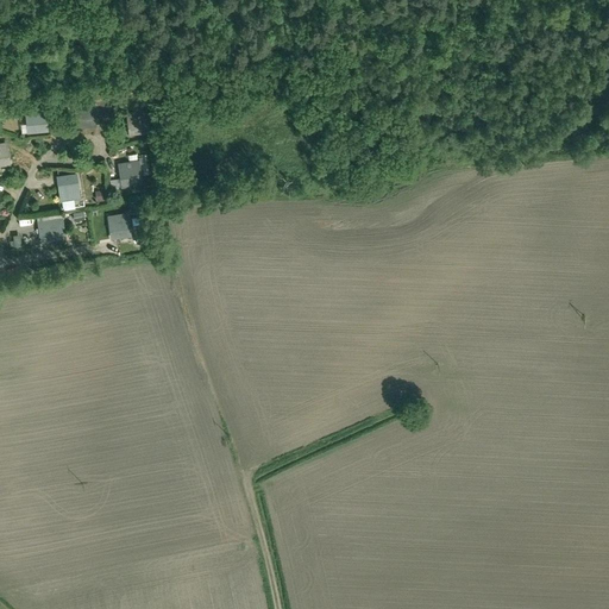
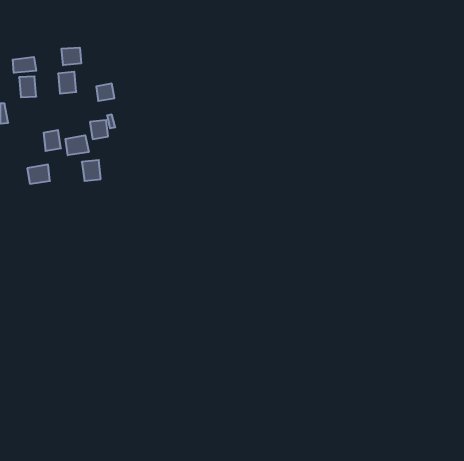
building: none -> [62,48,81,65]
building: none -> [13,57,36,73]
building: none -> [65,135,89,155]

